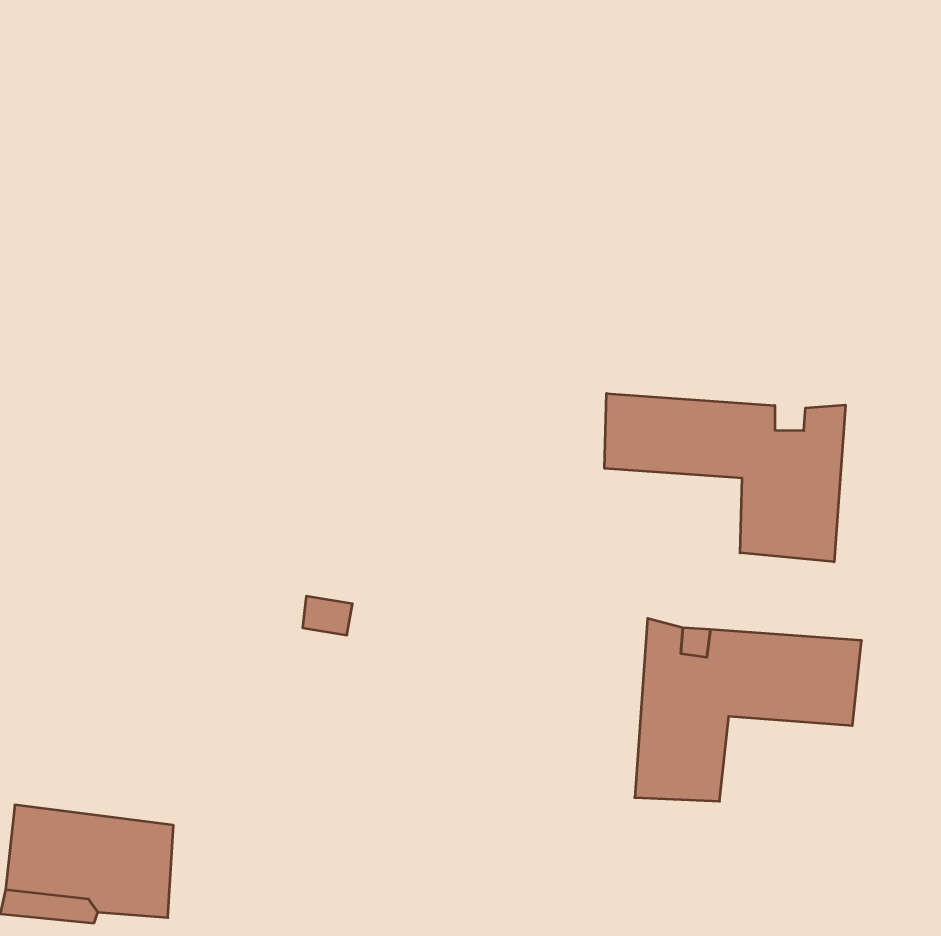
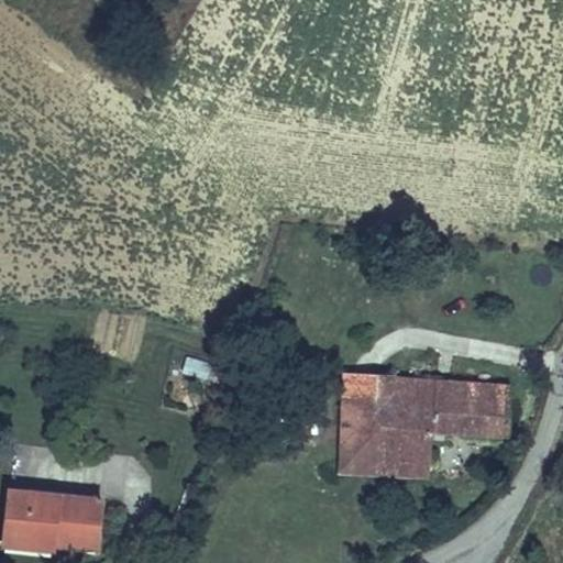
building: [605,393,845,562] -> none
building: none -> [334,368,386,479]

